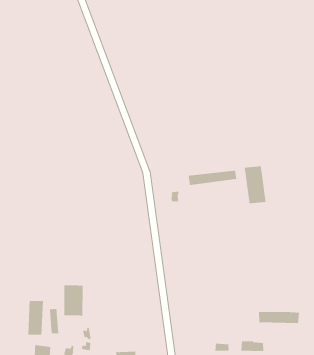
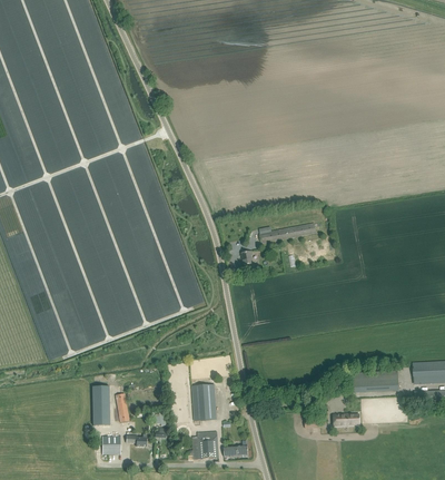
building: [244,166,266,204] -> none
building: [63,285,83,316] -> [192,384,217,420]

